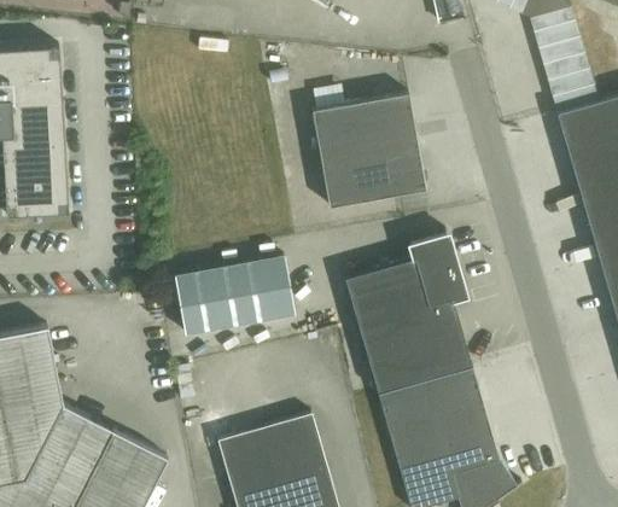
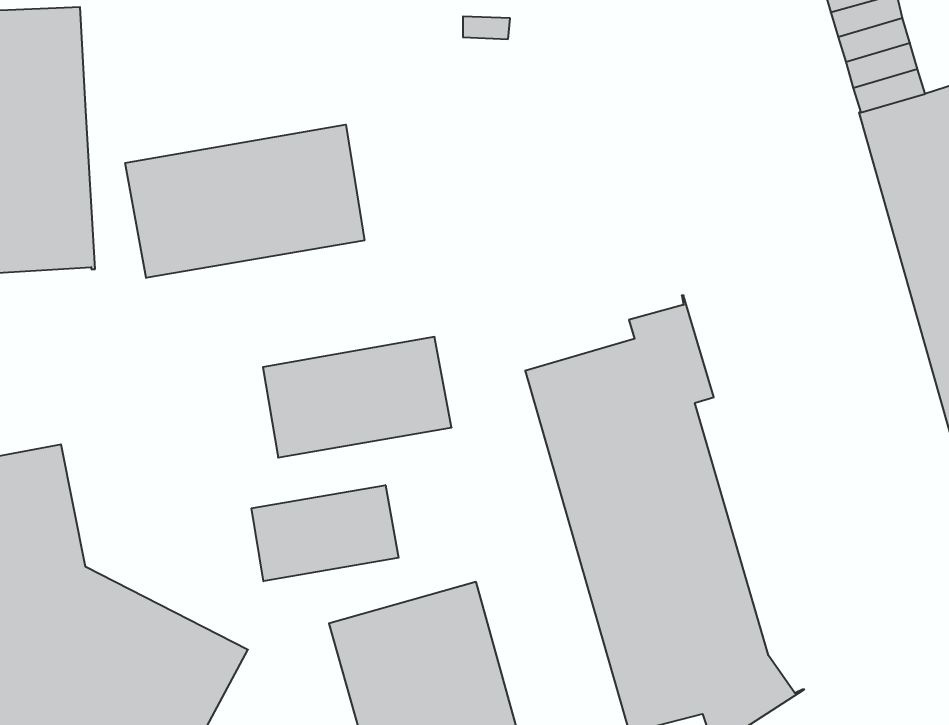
building: [311,92,425,206] -> none
building: none -> [125,125,364,278]
building: none -> [252,485,399,581]

